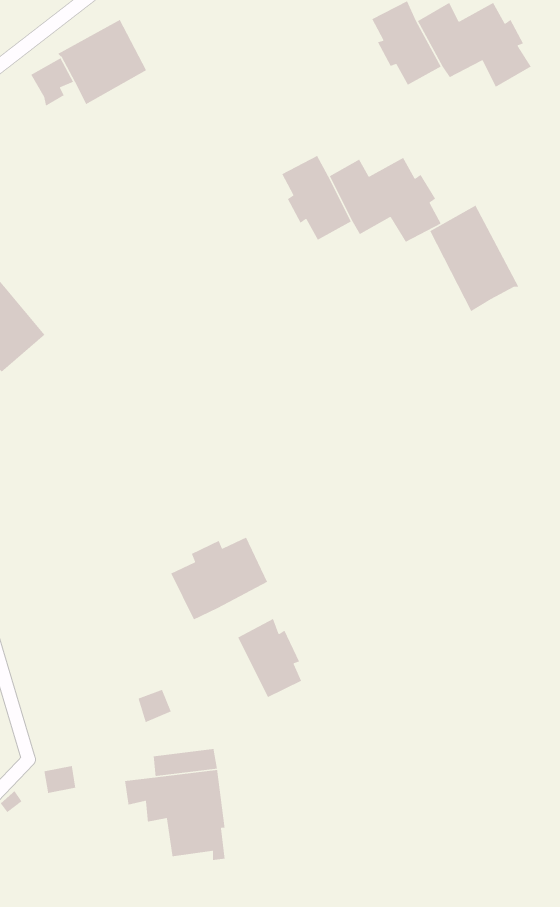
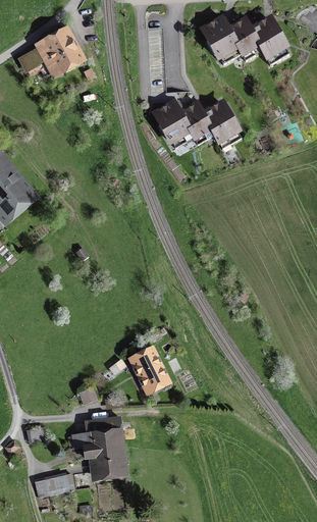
building: [429,204,519,312] -> none
building: [170,536,268,620] -> none
building: none -> [35,471,73,494]

